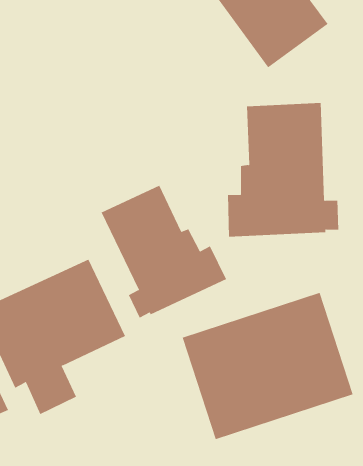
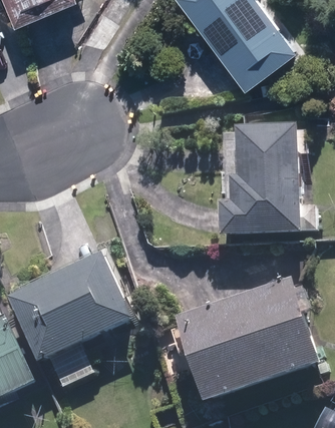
building: [101,185,227,318] -> none

